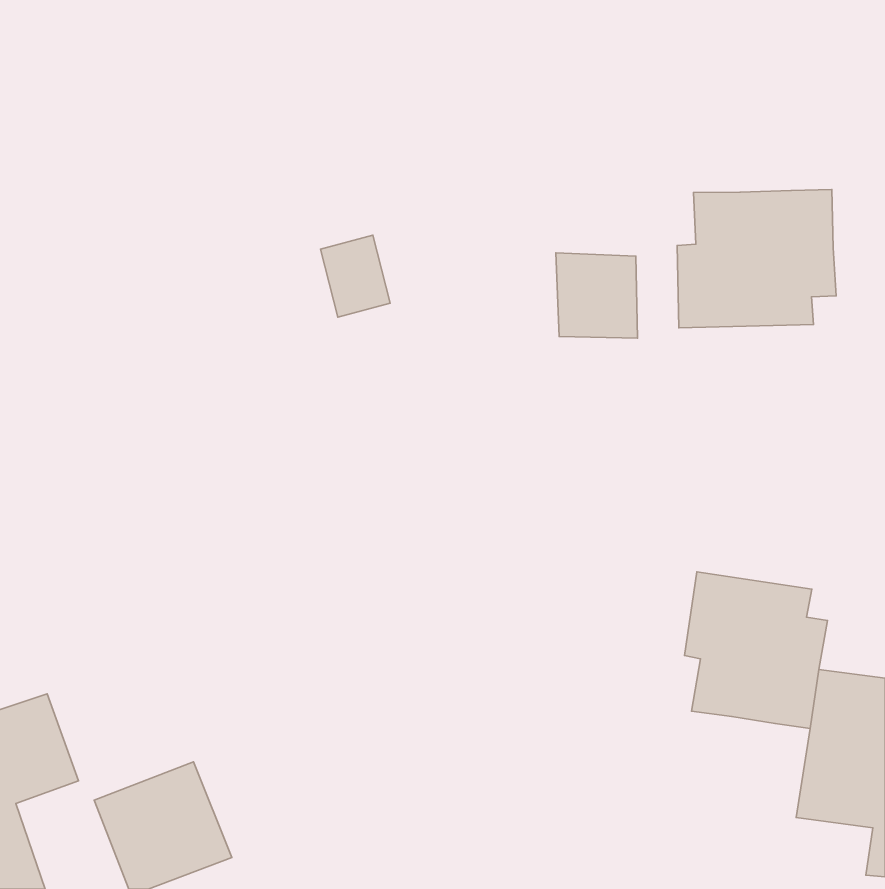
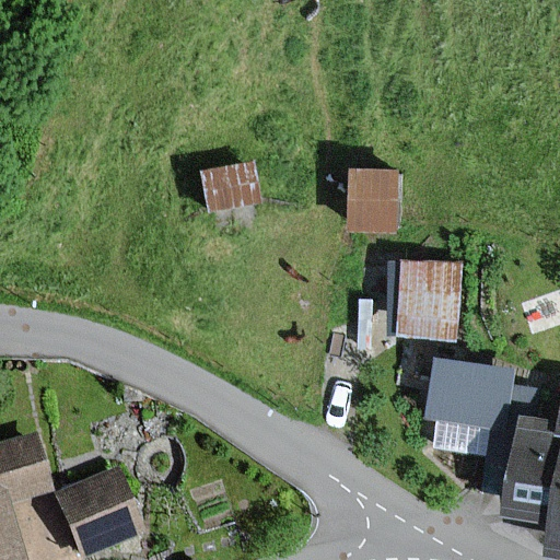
building: [677,190,836,328] -> none
building: none -> [398,264,457,334]

